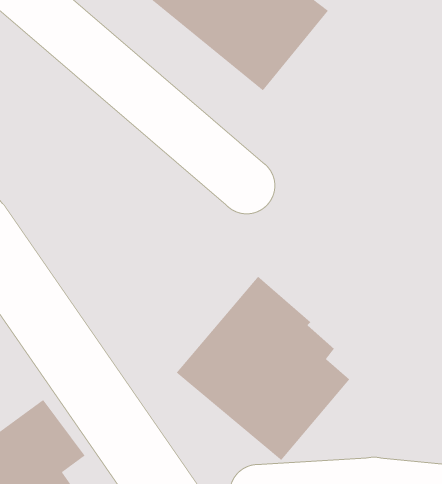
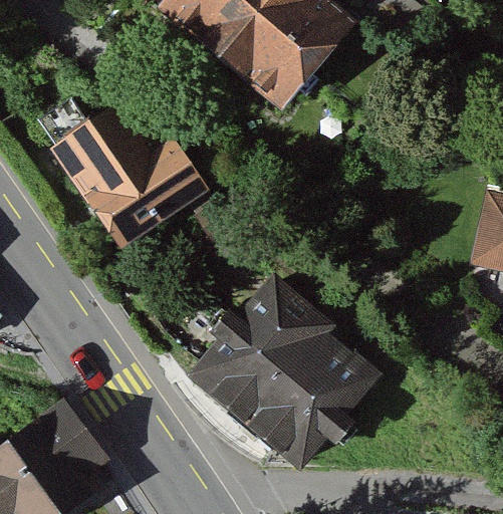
building: none -> [63,106,203,253]

